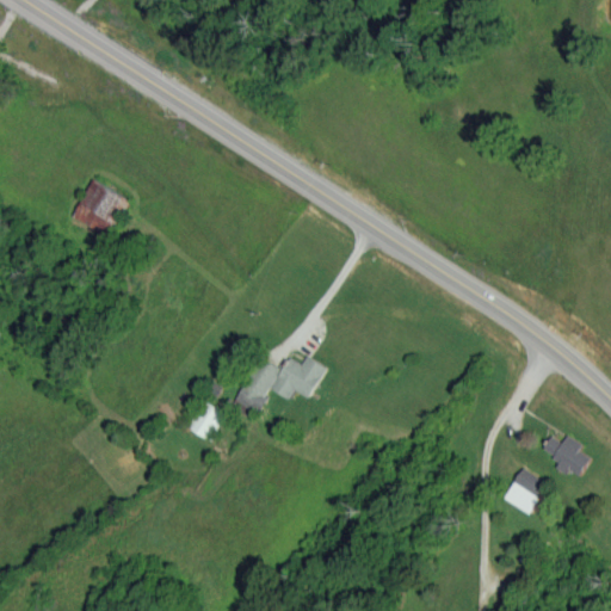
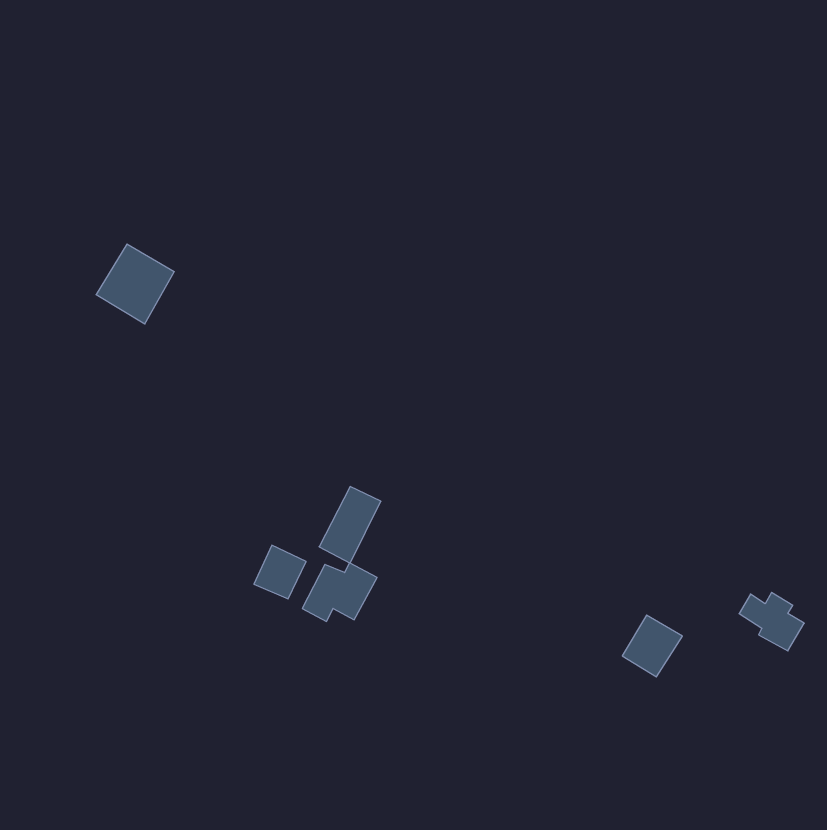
building: [270,357,325,400] -> [302,563,377,621]
building: [502,469,547,514] -> [622,615,682,677]

